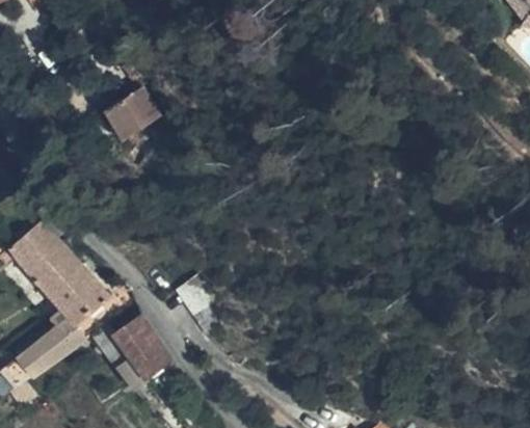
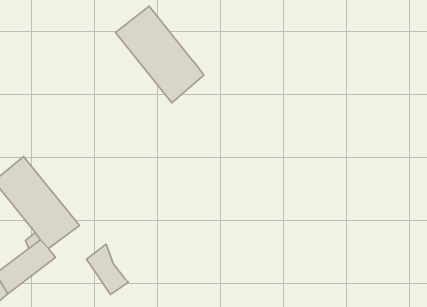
building: none -> [115,6,204,103]
building: [99,101,153,153] -> none

